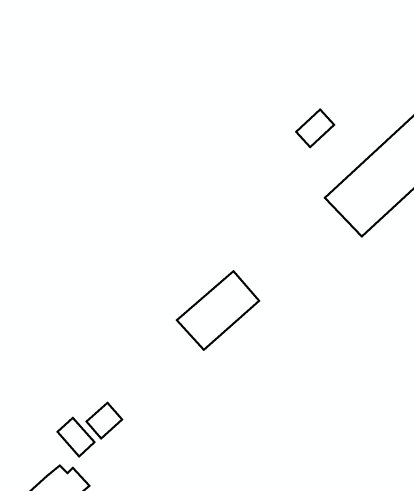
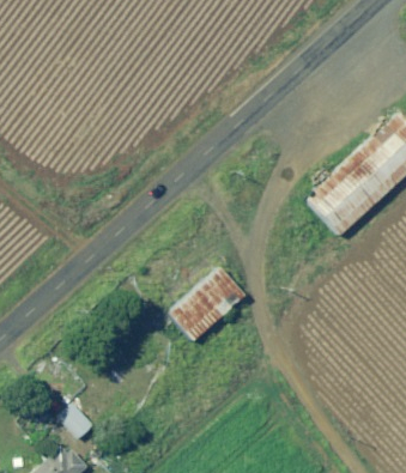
building: [296,110,334,147] -> none
building: [86,403,122,438] -> none

